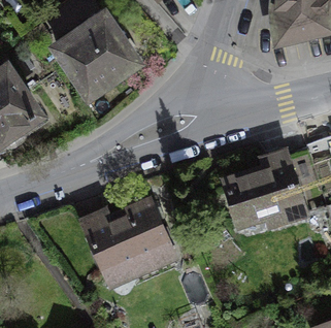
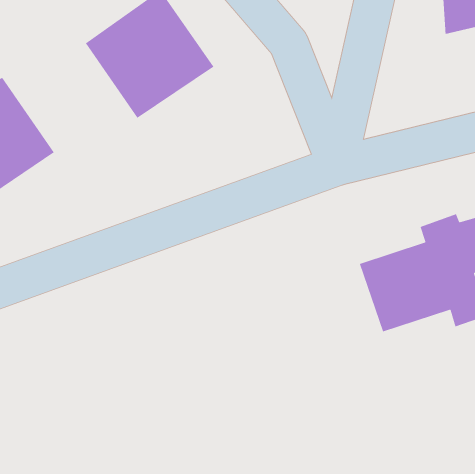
building: [85,201,174,285] -> none

